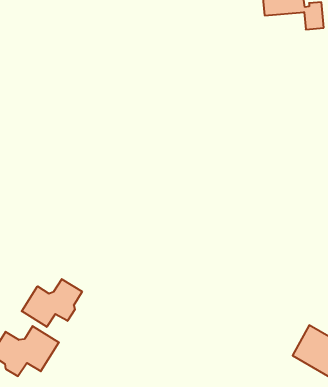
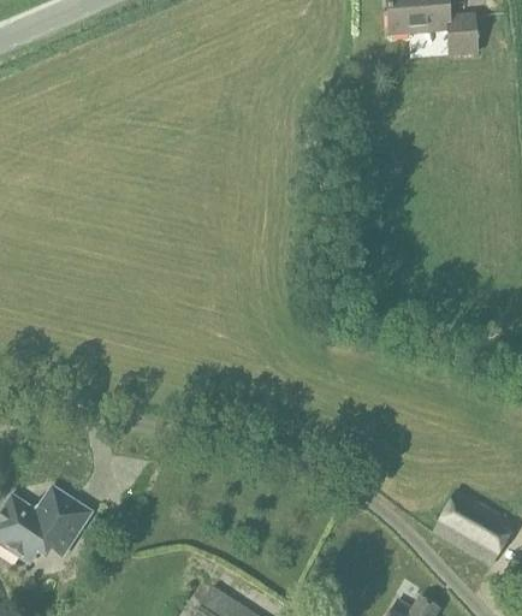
building: [22,279,82,327] -> none

